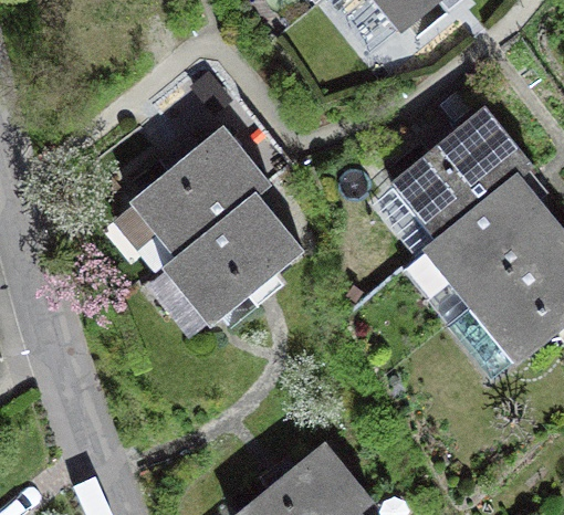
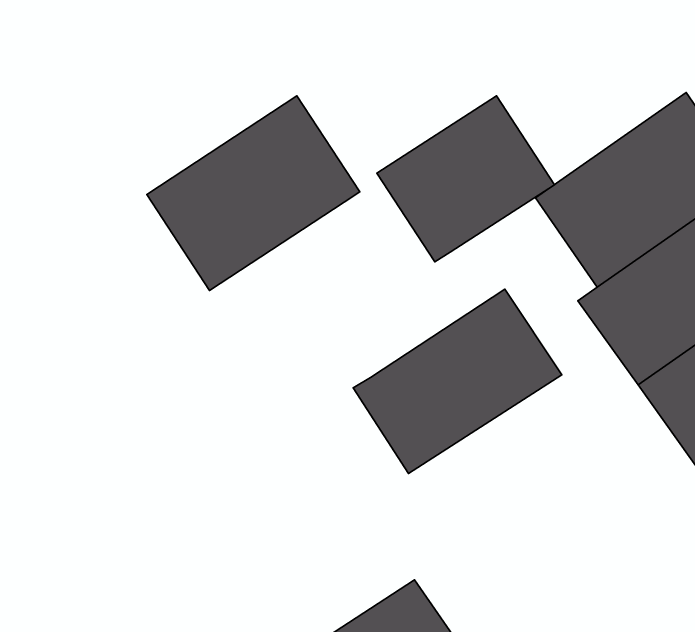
building: none -> [377,96,554,262]
building: [165,198,303,325] -> [353,289,562,473]

